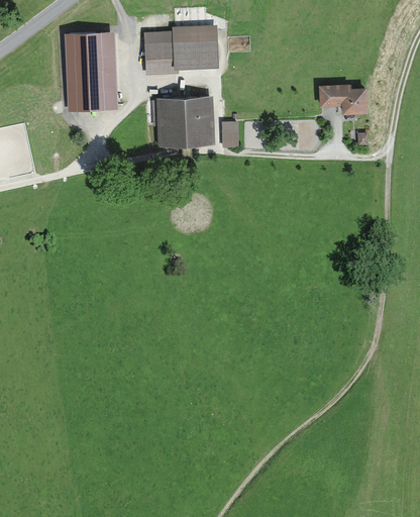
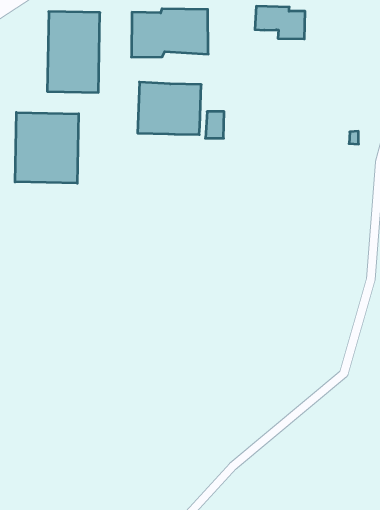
building: [319,84,366,114] -> [255,6,305,39]
building: none -> [15,112,79,183]

